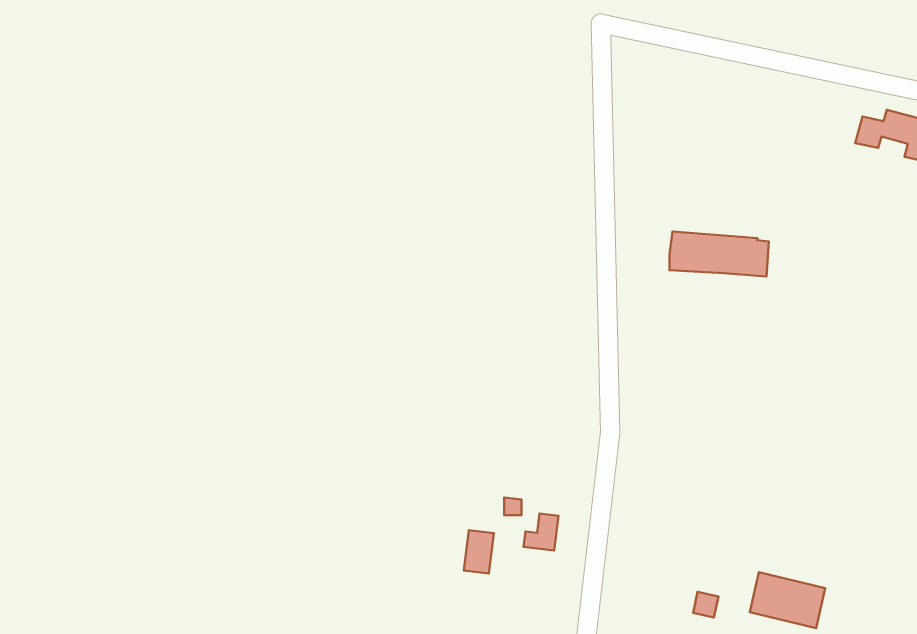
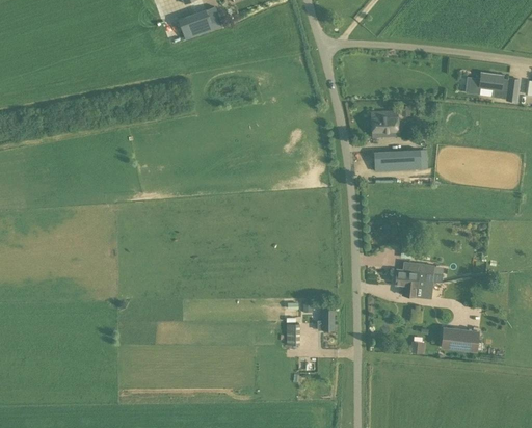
building: none -> [369,109,398,137]
building: none -> [394,261,442,297]

